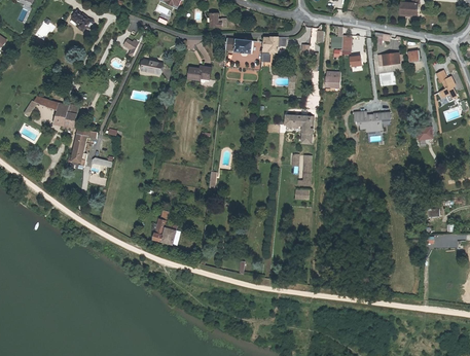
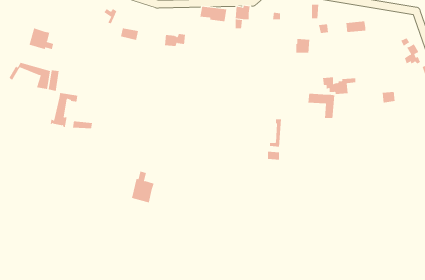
building: none -> [29,27,54,50]
building: [284,115,313,142] -> [308,93,335,119]

